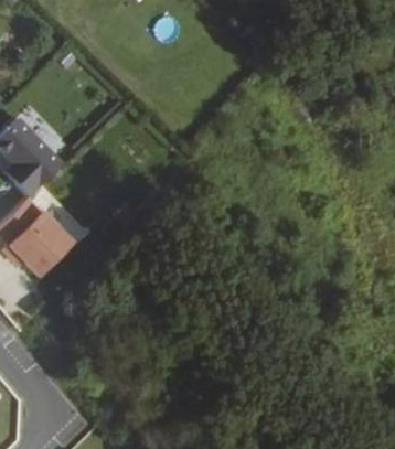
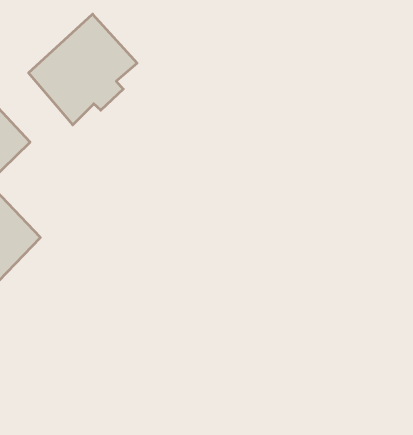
building: none -> [29,14,137,125]

